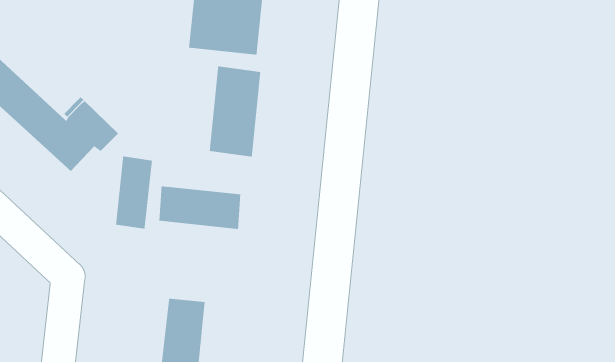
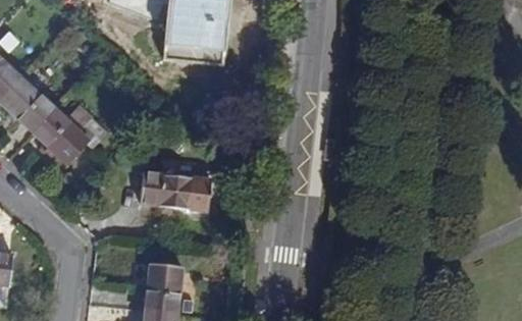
building: [209,65,261,157] -> none
building: [115,156,153,230] -> none

